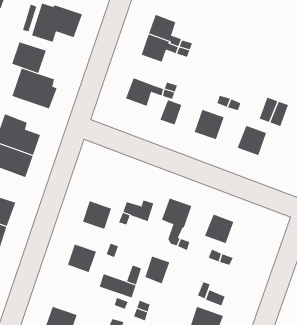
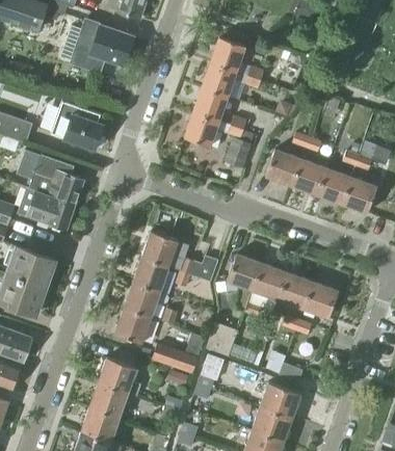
building: [12,41,47,74] -> none
building: none -> [193,85,228,122]
building: none -> [292,159,326,195]
building: none -> [342,178,376,213]
building: none -> [141,232,178,267]
building: none -> [254,264,288,299]
building: none -> [124,283,160,318]
building: none -> [304,283,338,318]
building: none -> [98,357,141,396]

